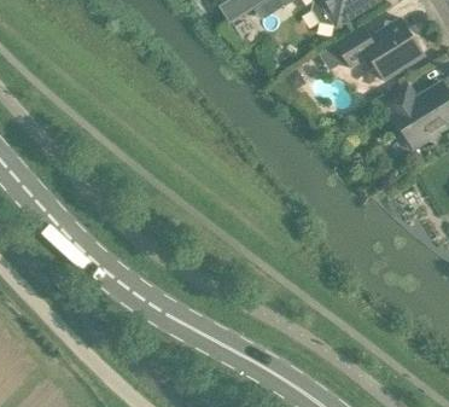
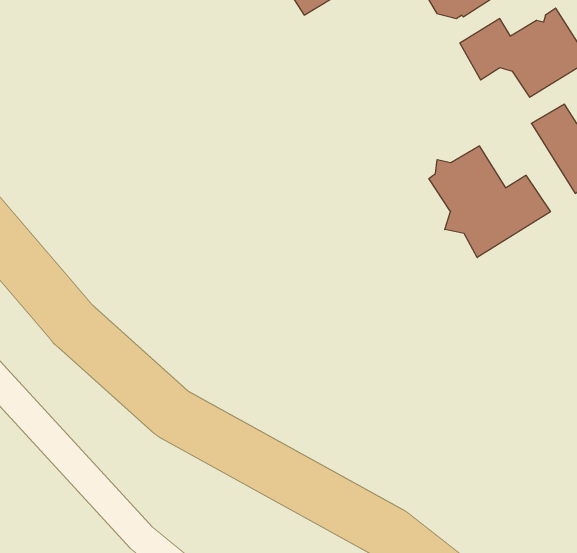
building: none -> [429,146,550,258]

